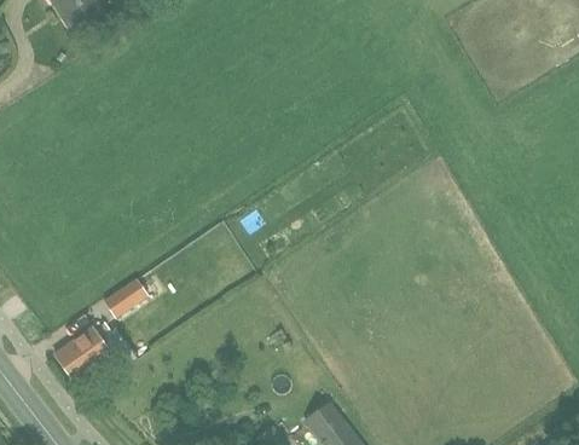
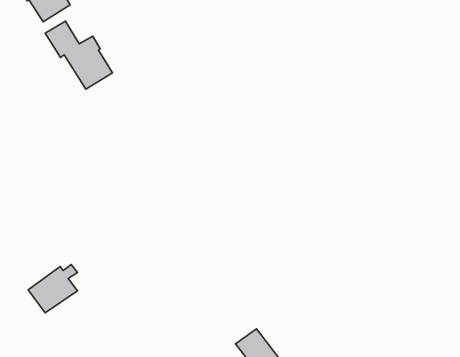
building: none -> [45,21,112,89]
building: [103,278,146,317] -> none

